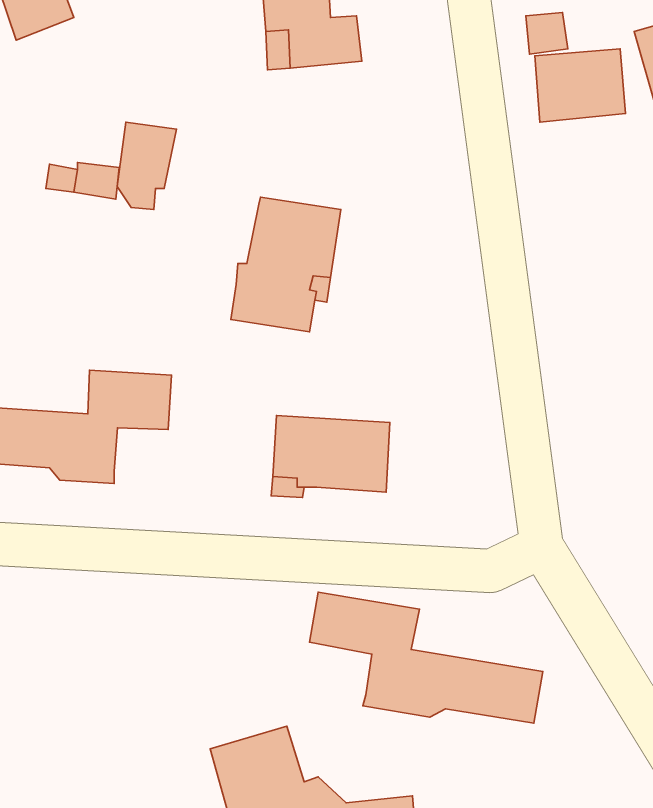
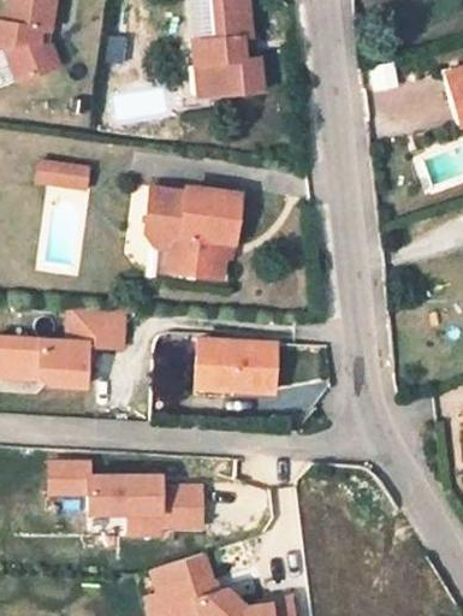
building: [117,122,176,209] -> [146,188,186,248]
building: [310,592,543,723] -> none
building: none -> [52,462,203,533]

